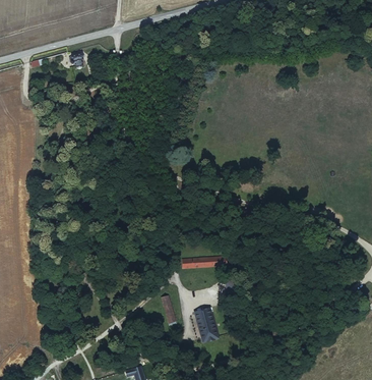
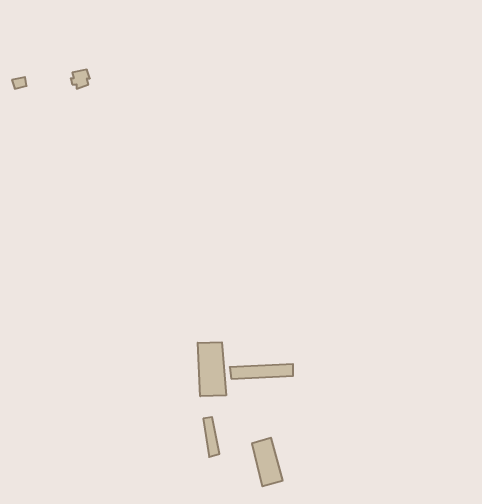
building: none -> [198,342,226,396]

